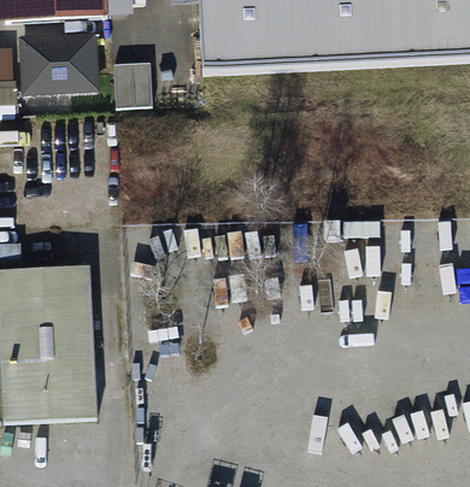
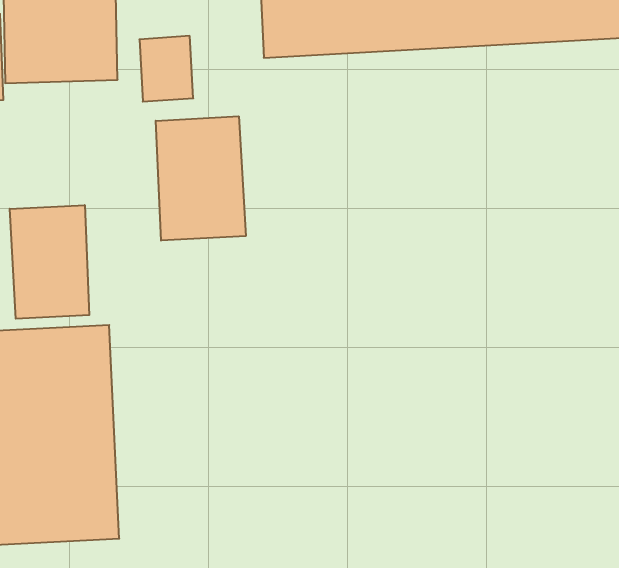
building: none -> [156,116,246,241]
building: none -> [10,205,89,319]

